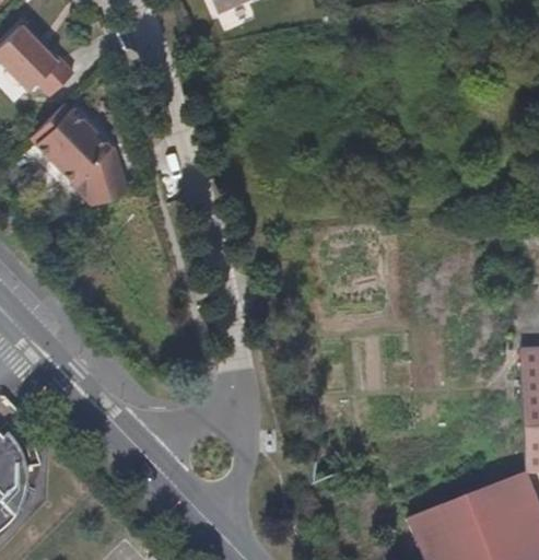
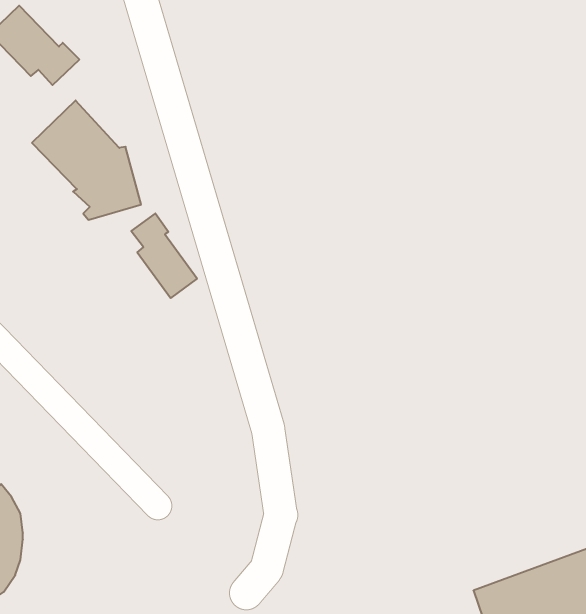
building: none -> [131,213,197,298]

